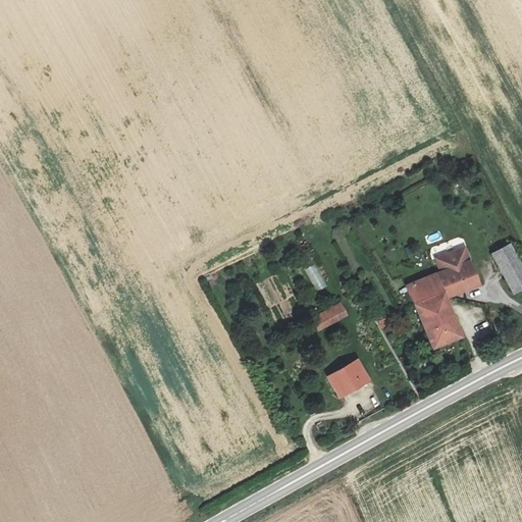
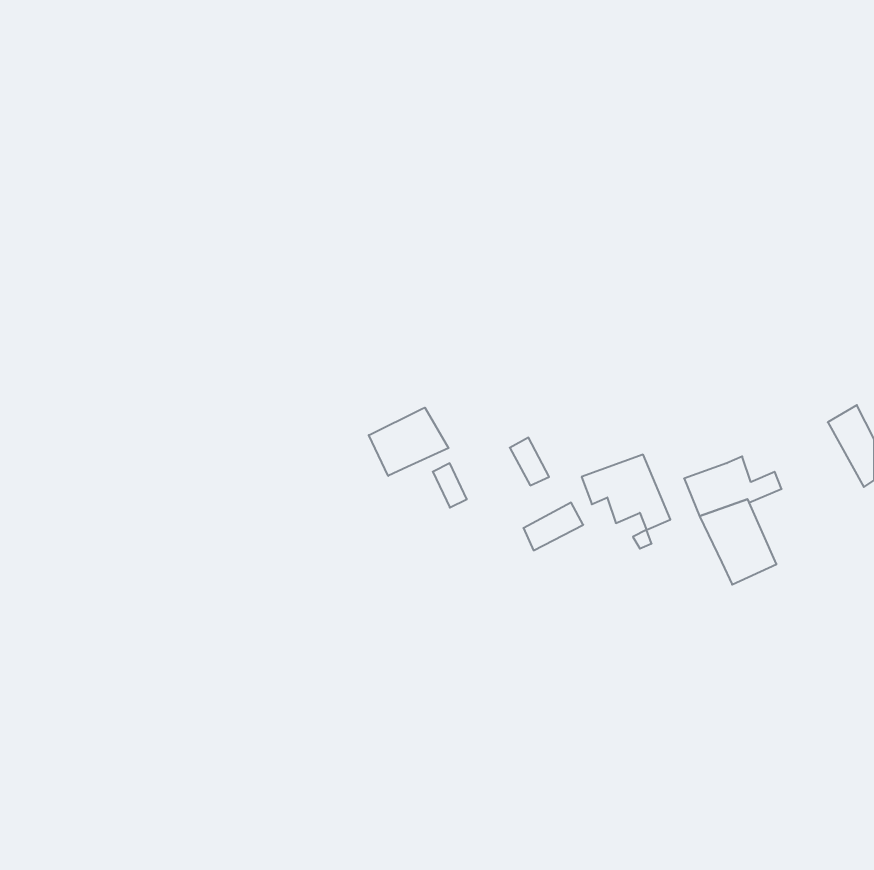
building: none -> [369,408,449,476]
building: [427,247,480,292] -> [582,455,670,530]
building: [330,360,371,397] -> none

